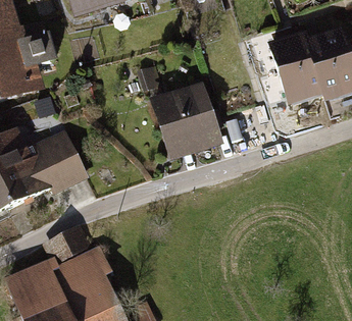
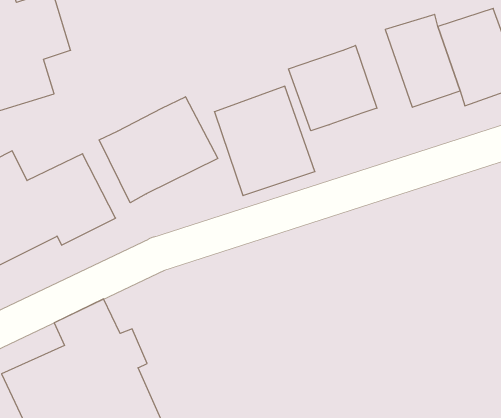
building: none -> [288,45,377,131]
building: none -> [99,97,218,203]

